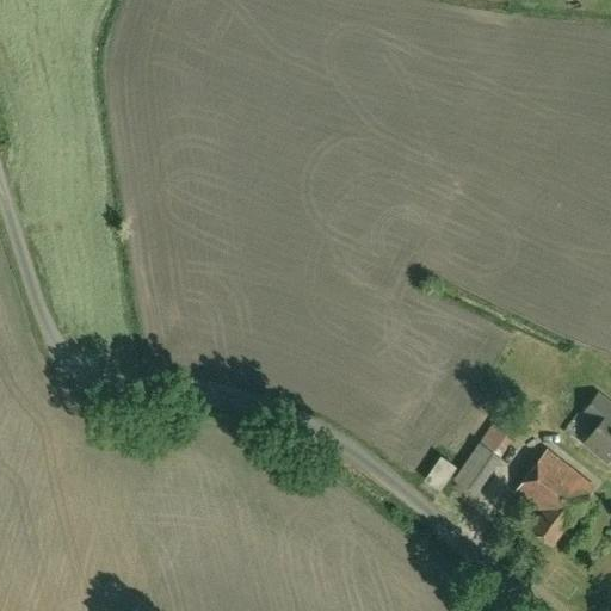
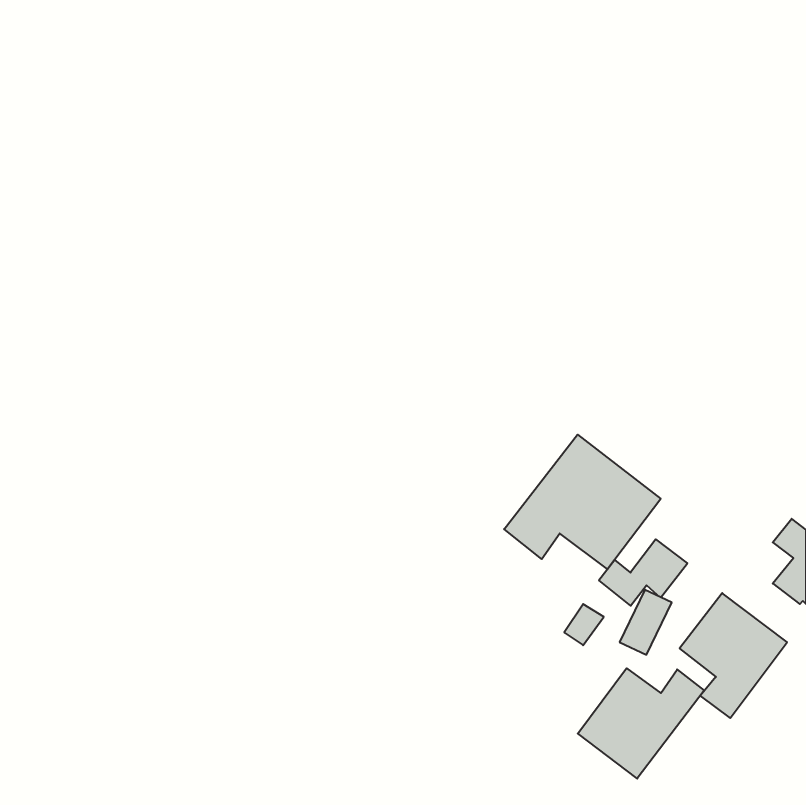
building: none -> [504,435,661,569]
building: none -> [578,668,704,779]

